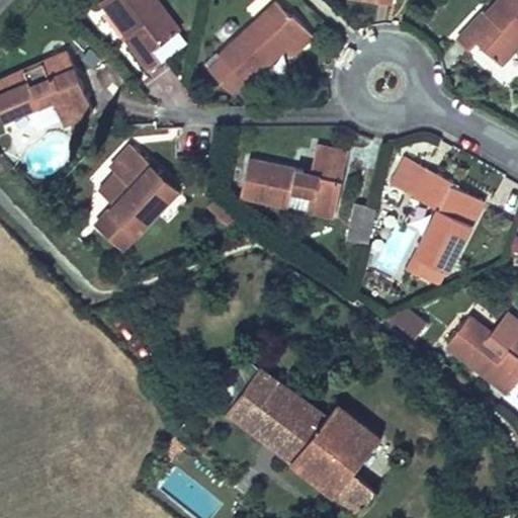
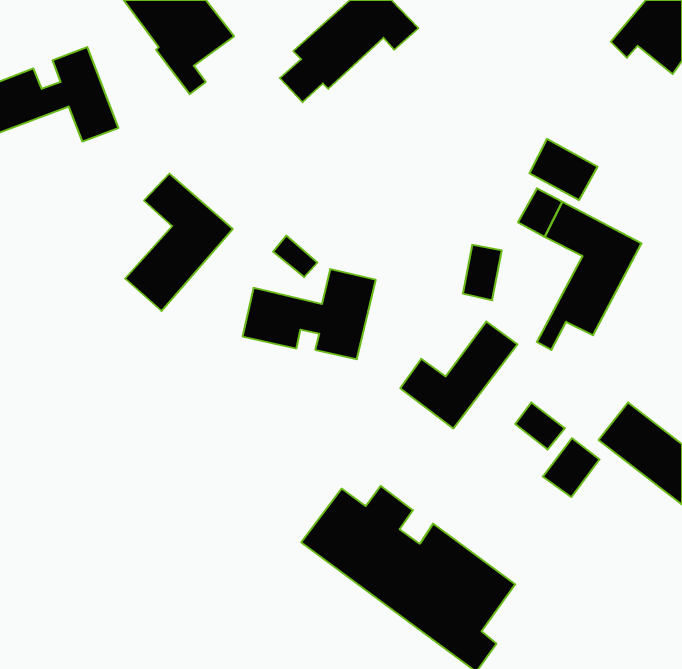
building: none -> [529,139,598,200]
building: [252,144,352,211] -> [243,269,376,359]
building: none -> [400,321,517,428]
building: none -> [543,438,600,497]

